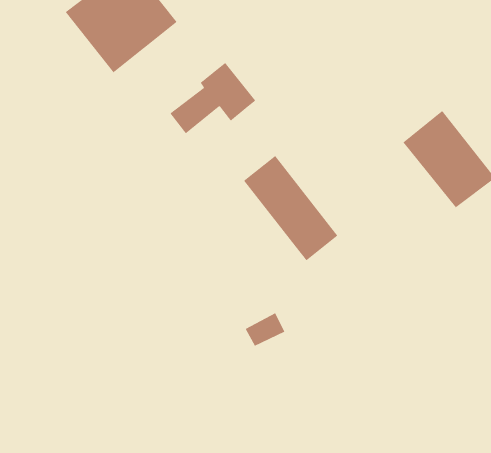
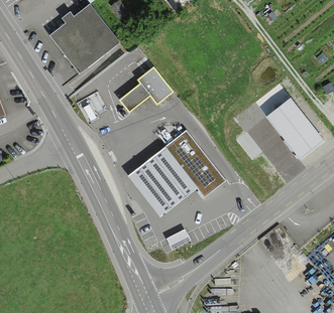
building: none -> [125,141,195,210]

